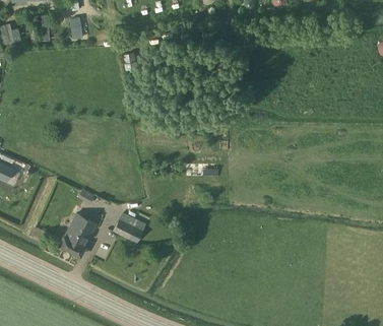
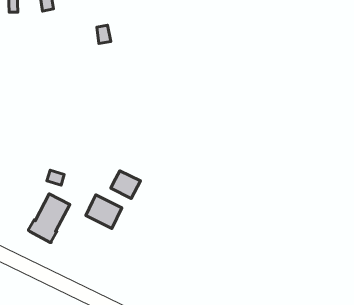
building: none -> [111,171,140,199]

